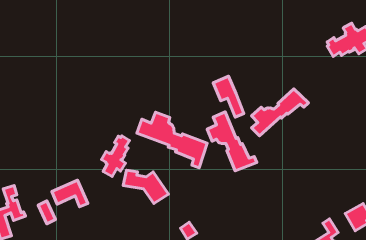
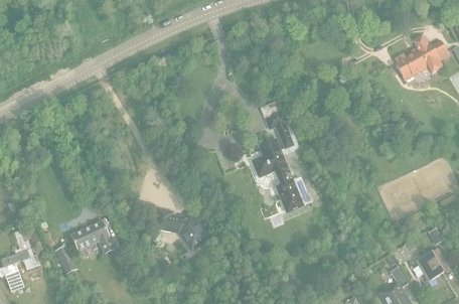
building: [251,89,309,136] -> none
building: [137,112,207,168] -> none
building: [101,136,129,177] -> none

